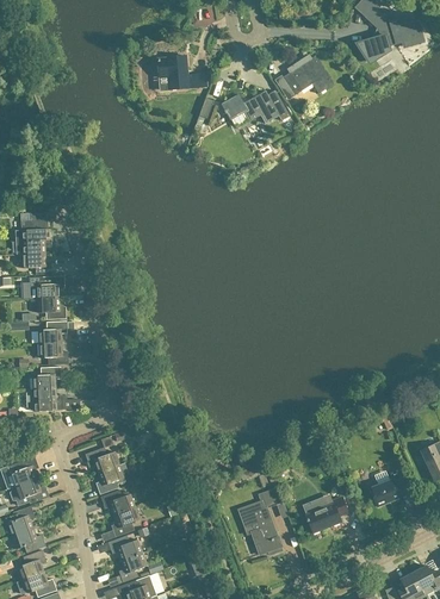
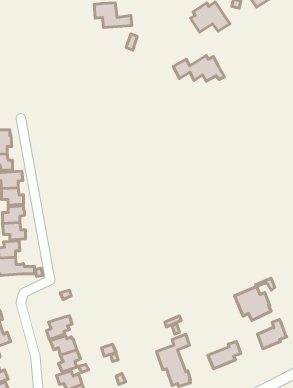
building: [221,89,287,123] -> [173,56,225,81]
building: none -> [235,287,271,321]
building: [83,447,118,472] -> none

